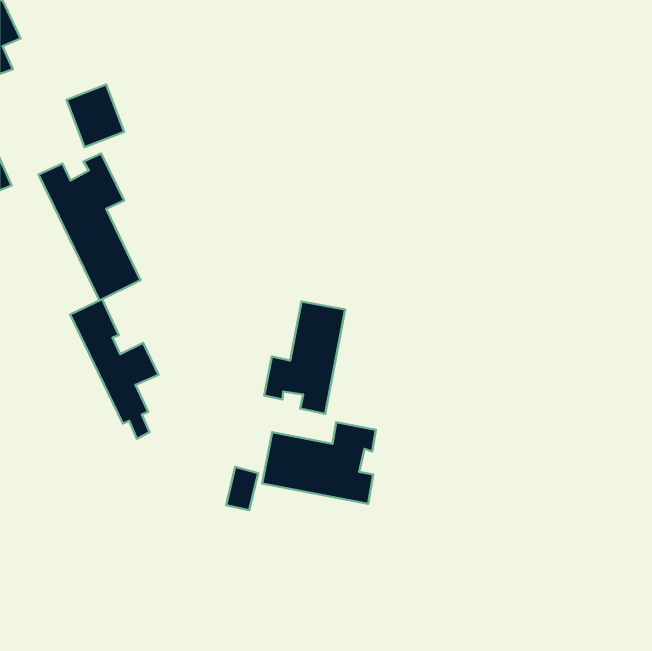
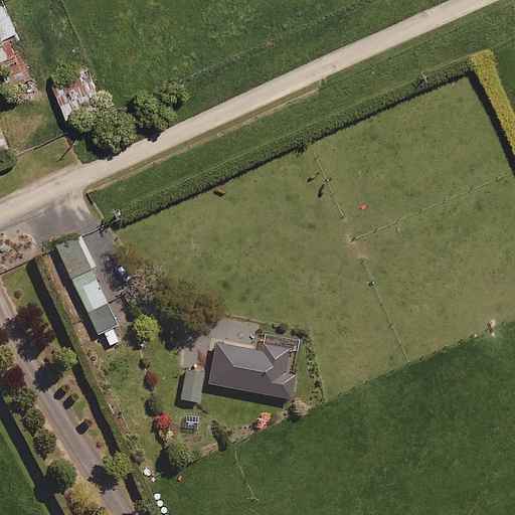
building: [39,154,141,300] -> none
building: [264,302,345,414] -> none

